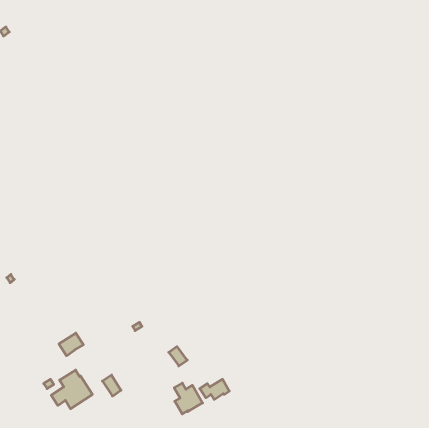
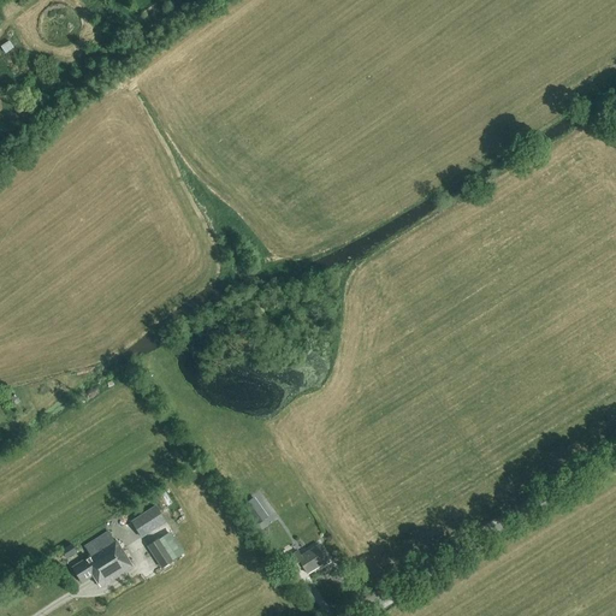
building: [59,333,83,356] -> [132,505,167,538]
building: [174,383,203,414] -> none

